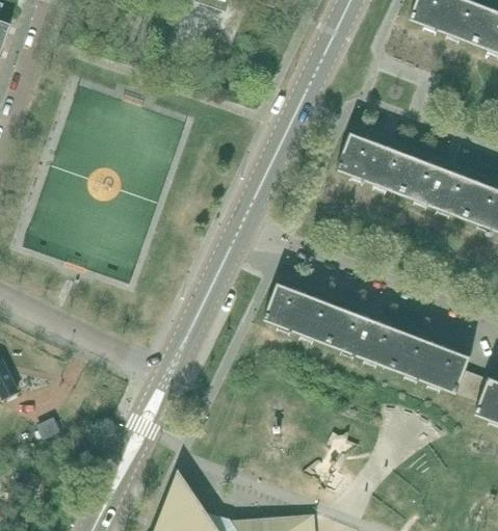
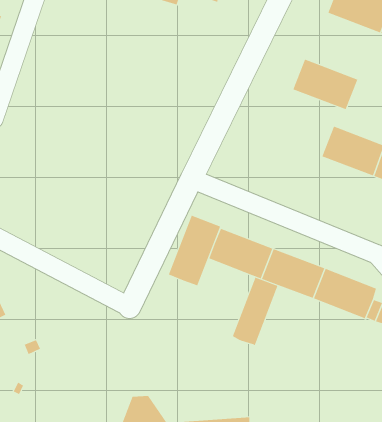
building: [337,133,417,195] -> [293,59,358,110]
building: none -> [168,215,221,286]
building: none -> [232,277,278,346]

